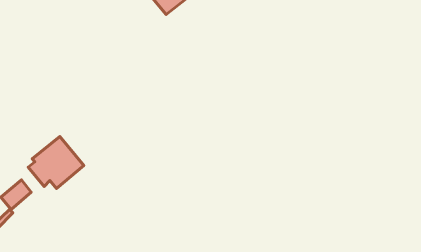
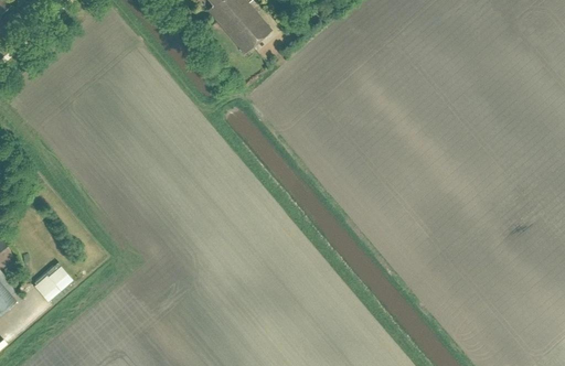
building: [28,137,84,188] -> none

